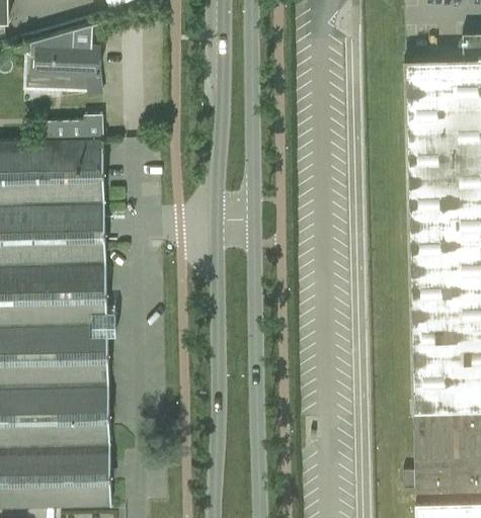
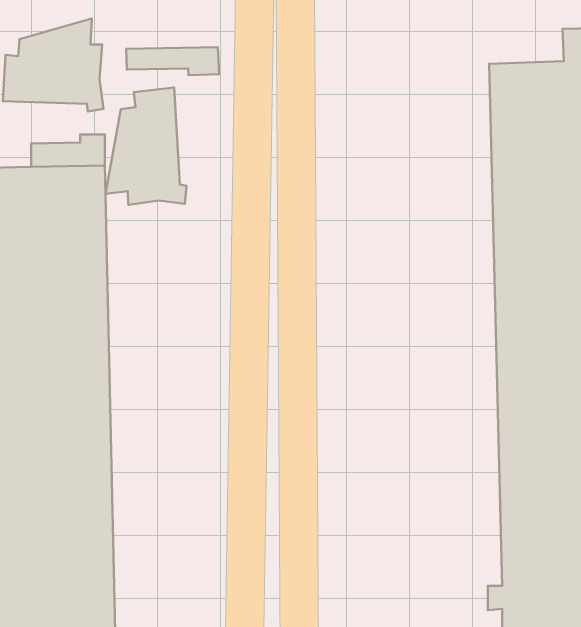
building: none -> [126,47,219,75]
building: none -> [105,87,187,205]

